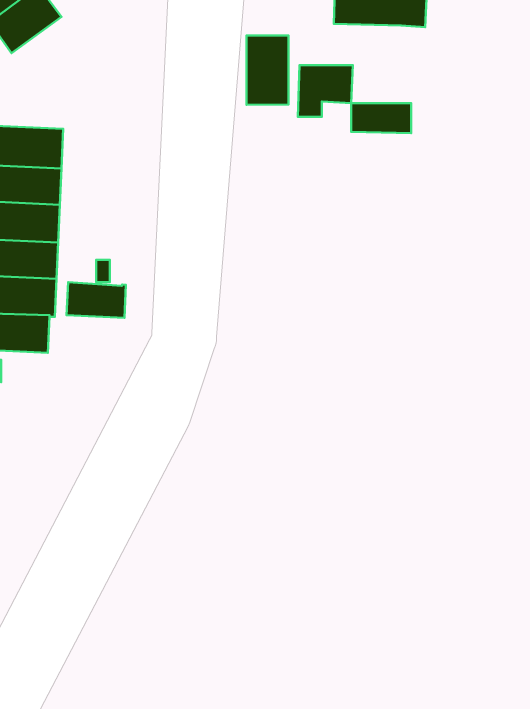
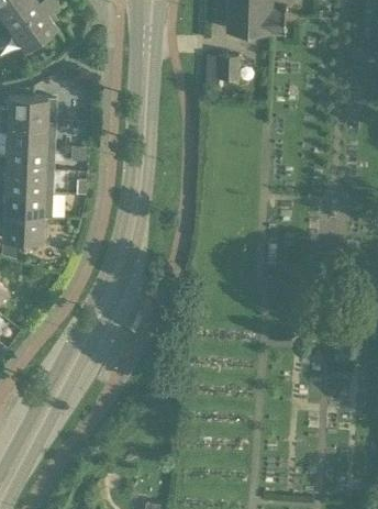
building: [247,36,289,105] -> none
building: [351,103,411,133] -> none
building: [67,282,126,318] -> none

